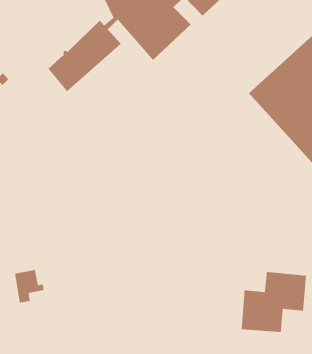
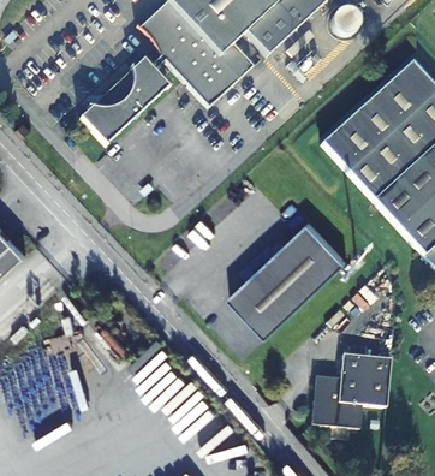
building: none -> [228,222,346,337]

